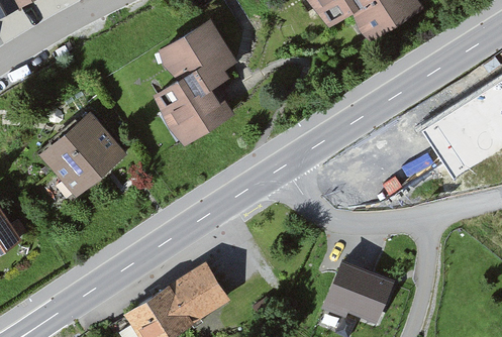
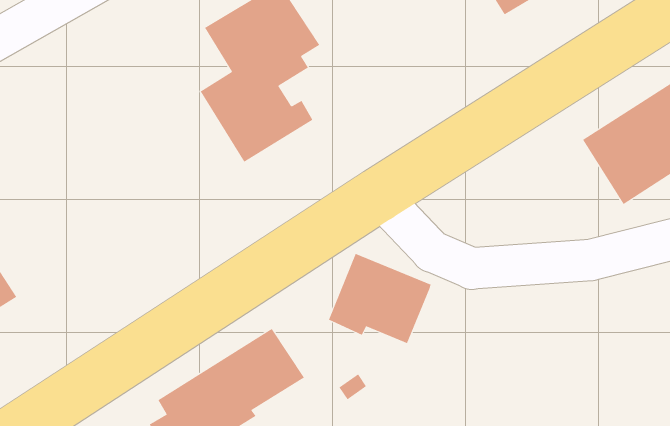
building: [39,112,127,198] -> none
building: [321,259,395,324] -> [328,253,432,344]

